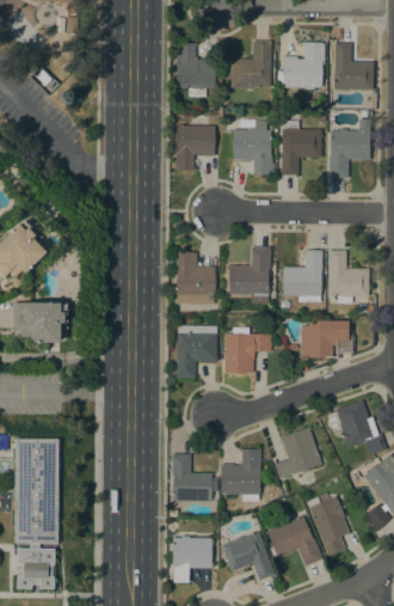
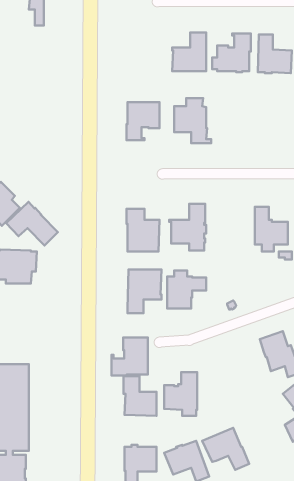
building: [176,43,216,96] -> none
building: [328,118,371,177] -> none
building: [282,121,321,175] -> none
building: none -> [6,202,58,245]
building: [283,250,322,301] -> none
building: [301,319,355,359] -> none
building: none -> [112,338,148,376]
building: [275,427,321,478] -> none
building: [307,491,350,556] -> none

